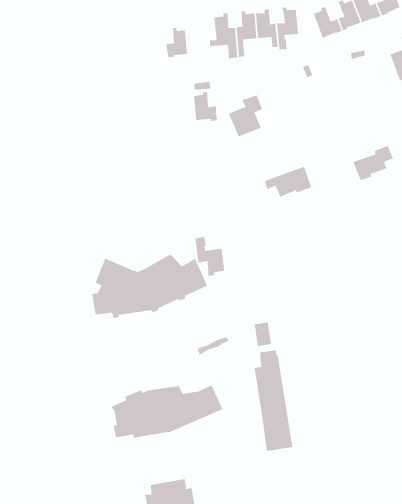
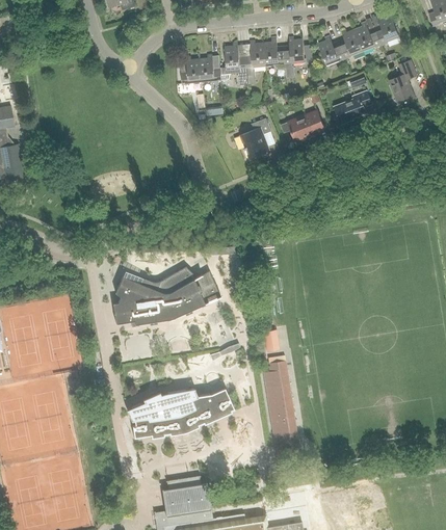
building: [193,91,218,122] -> [200,53,222,81]
building: [352,145,394,181] -> [334,90,372,124]
building: [264,166,312,198] -> [281,110,325,139]
building: [194,236,225,277] -> none

